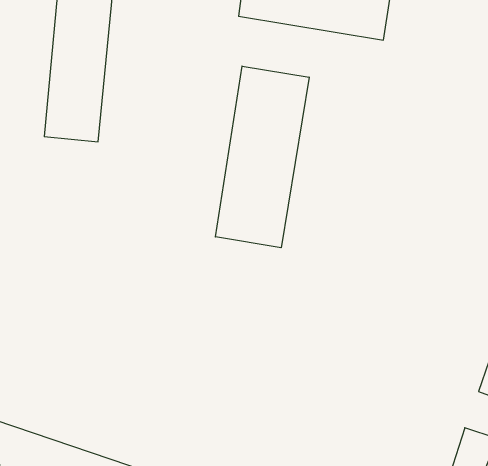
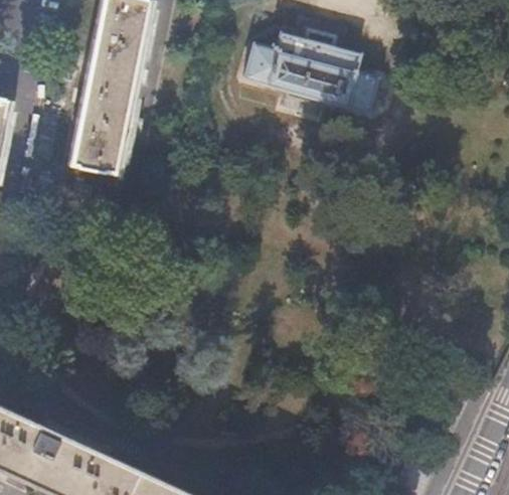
building: [215,66,309,248] -> none

